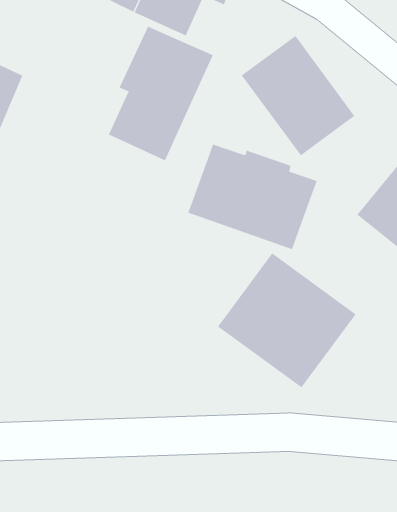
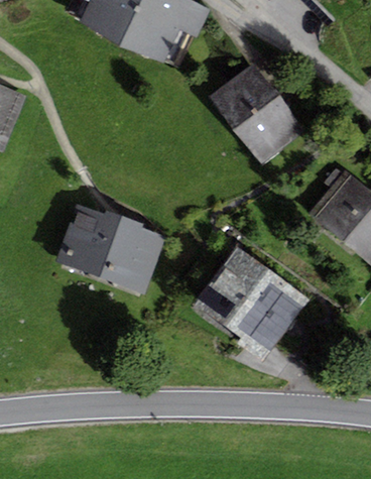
building: [108,26,214,161] -> none
building: [188,144,317,250] -> [56,205,166,294]

